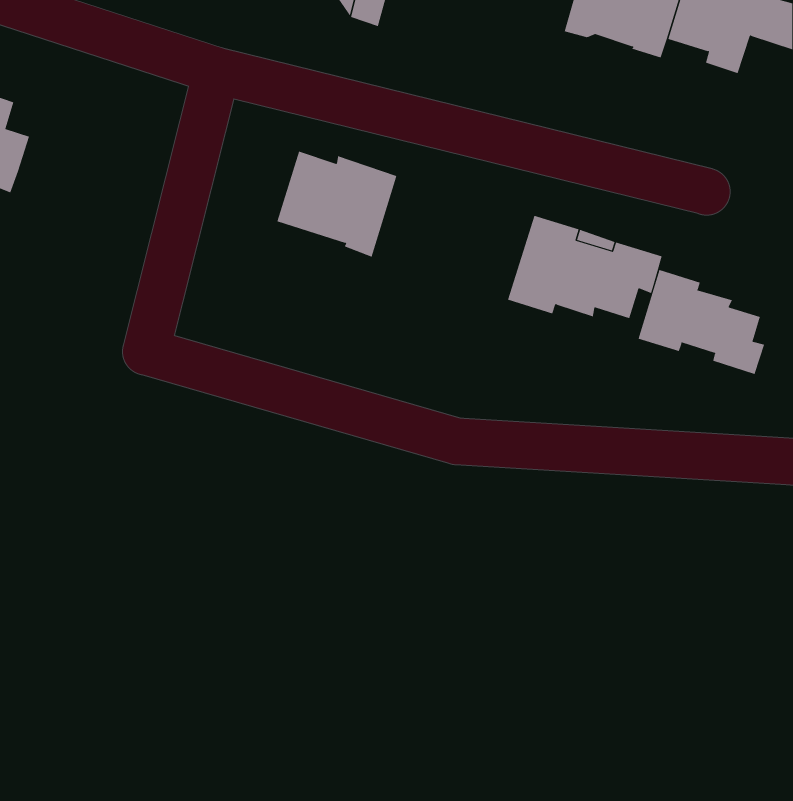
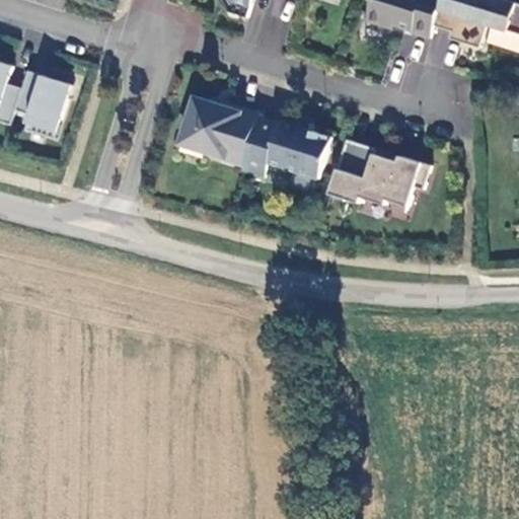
building: none -> [12,70,69,139]
building: none -> [239,117,329,178]
building: [638,269,765,375] -> none

